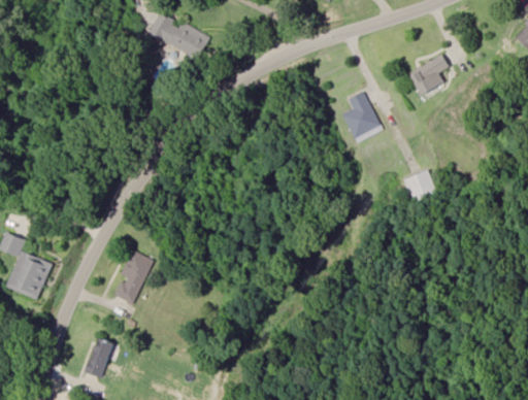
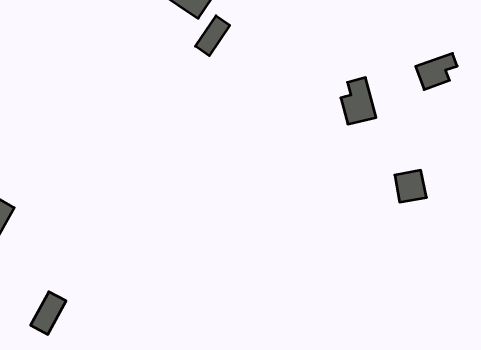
building: none -> [195,16,230,56]
building: [112,251,155,304] -> none

